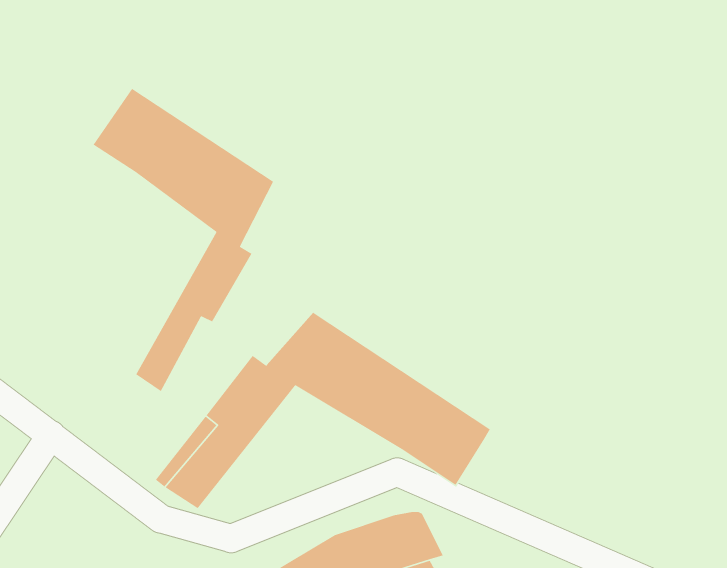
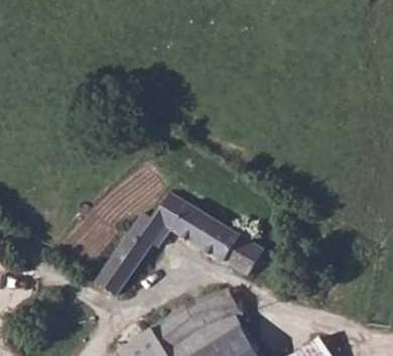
building: [93,88,274,392] -> none

